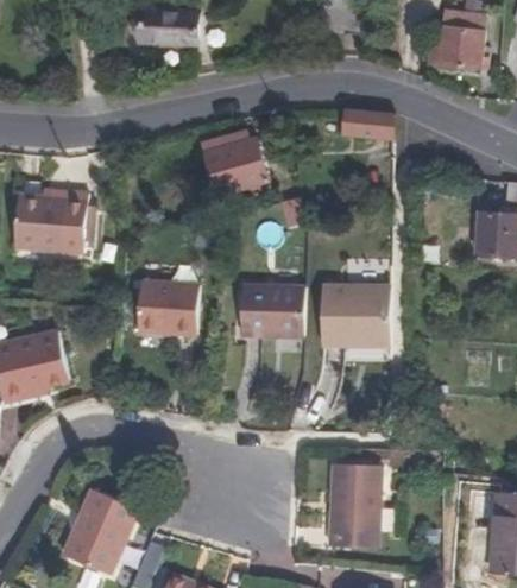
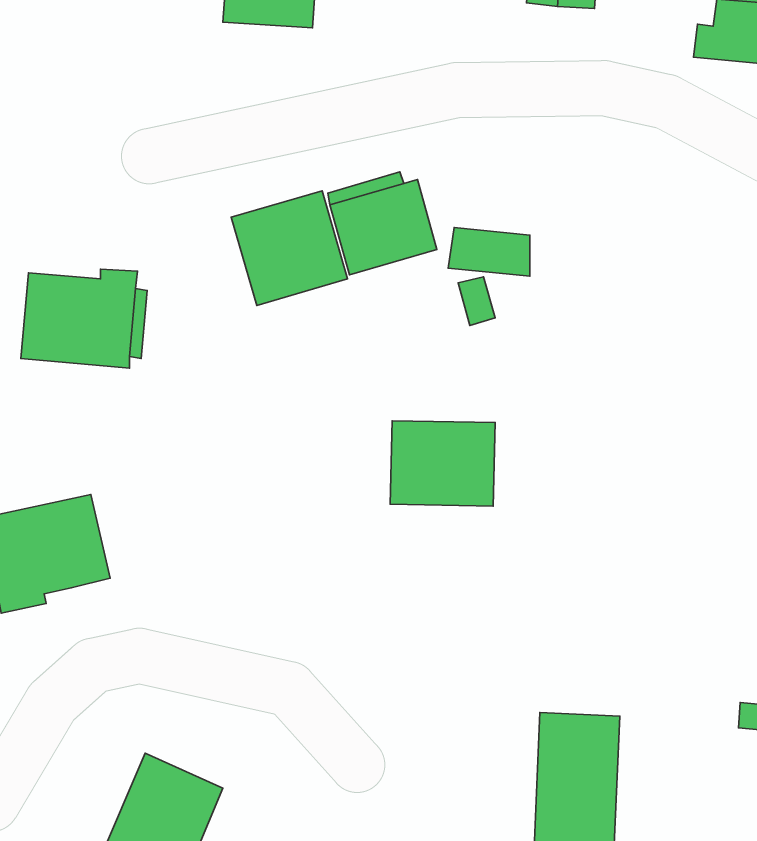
building: [342,109,392,139] -> [448,227,530,276]
building: none -> [231,191,348,305]
building: [137,280,198,335] -> none
building: [322,283,390,344] -> none

